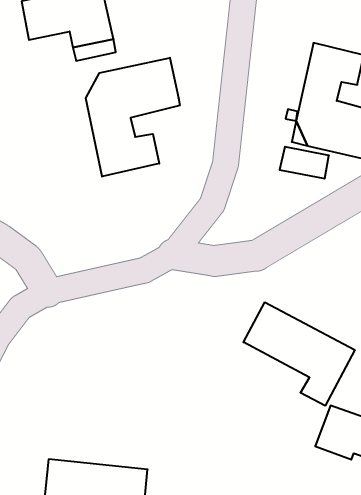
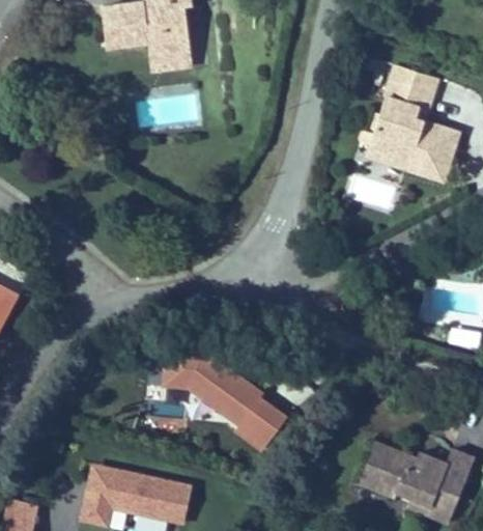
building: [86,58,180,177] -> none
building: [243,302,355,406] -> none
building: none -> [161,347,282,448]

